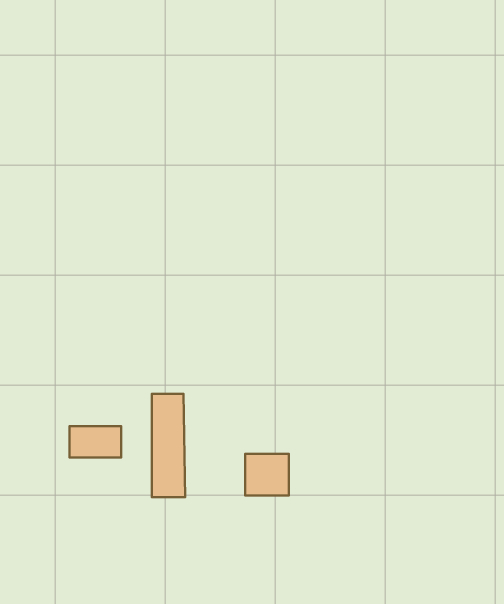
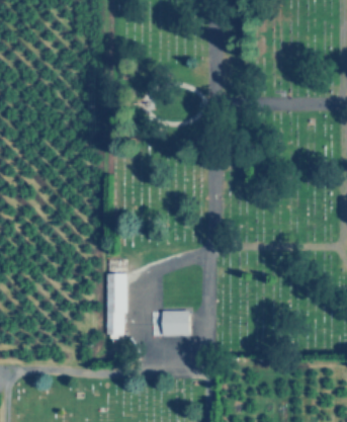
building: [69,426,121,458] -> none

